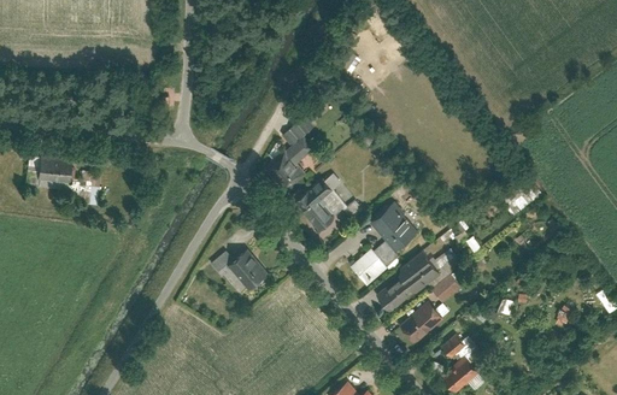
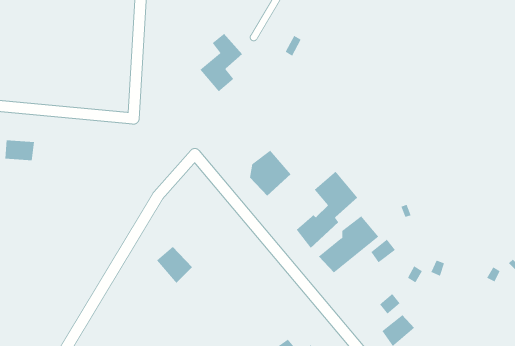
building: [269,124,316,188] -> [200,33,243,92]
building: [228,249,268,290] -> [156,246,193,284]
building: [399,300,443,344] -> none

